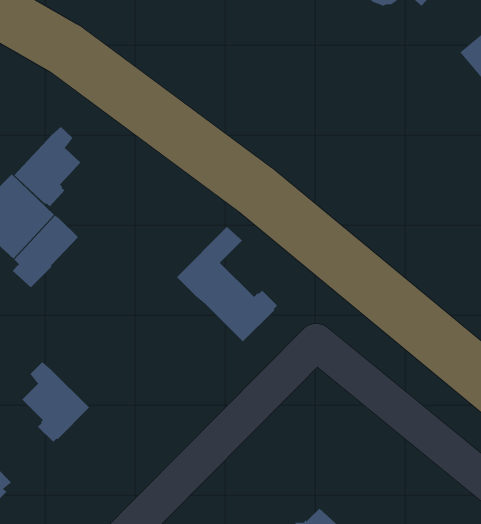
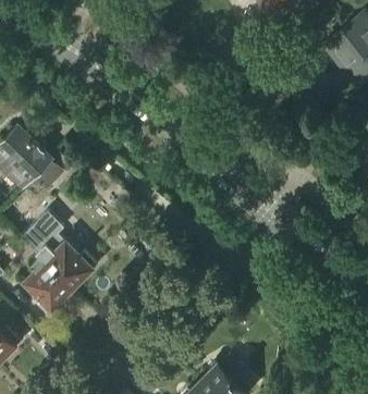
building: [14,126,81,207] -> none
building: [176,226,278,342] -> [27,208,97,287]

